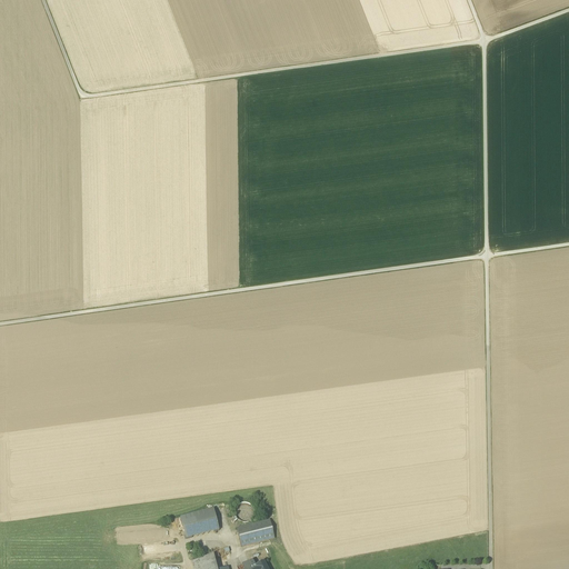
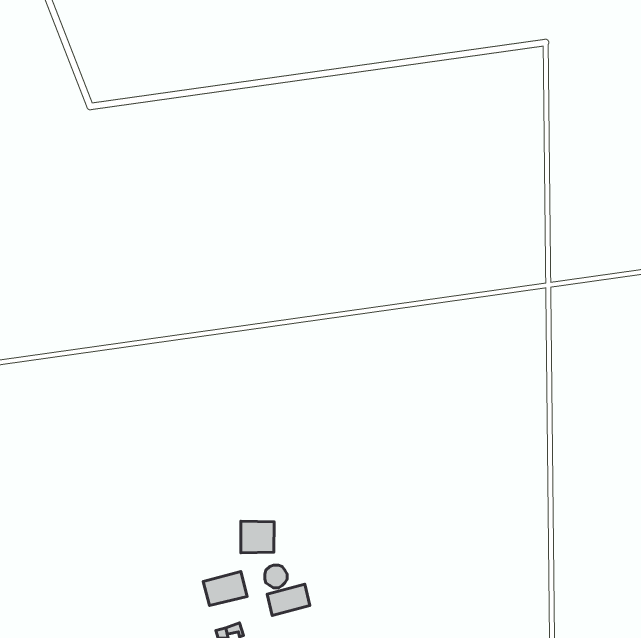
building: none -> [241,521,274,553]

